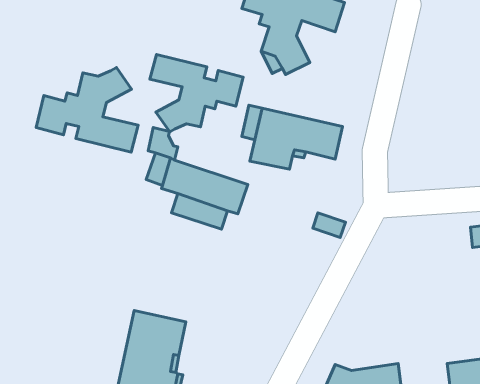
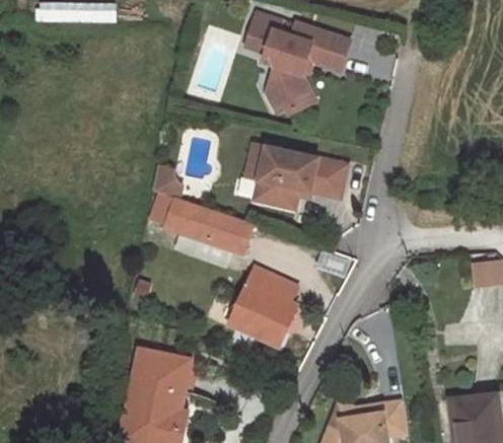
building: [150,54,243,132] -> none
building: [36,68,138,152] -> none
building: none -> [229,269,297,347]

